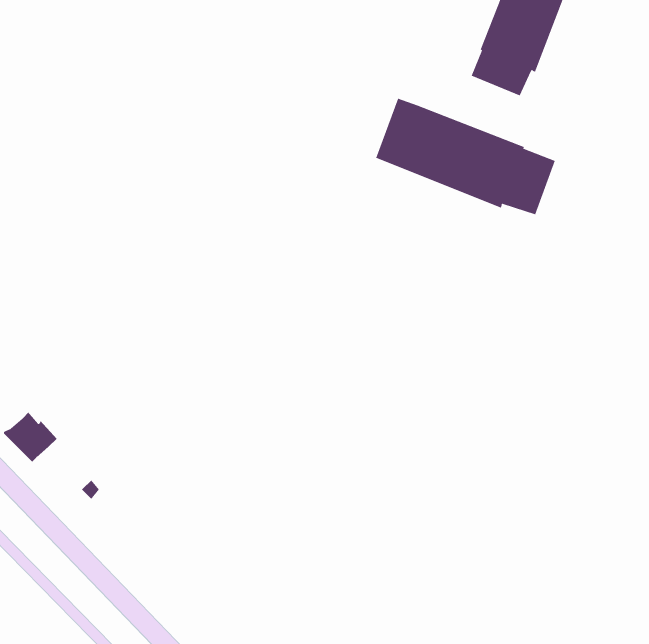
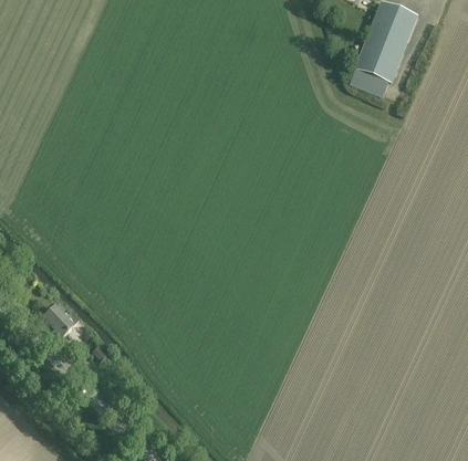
building: [375,98,556,215] -> none

